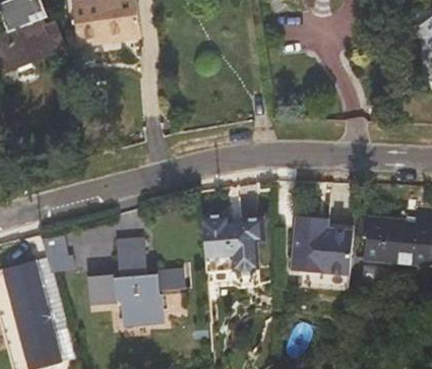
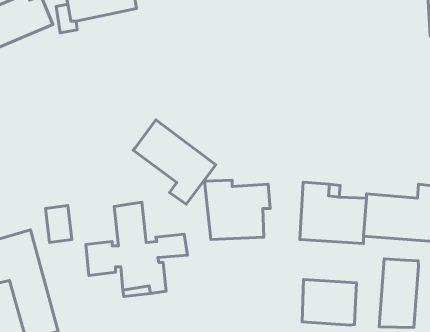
building: none -> [133,120,216,204]
building: none -> [379,259,419,327]
building: none -> [302,279,357,325]

